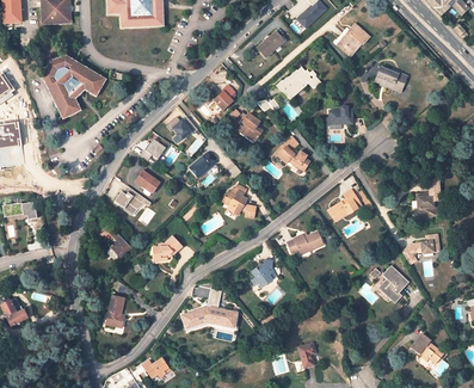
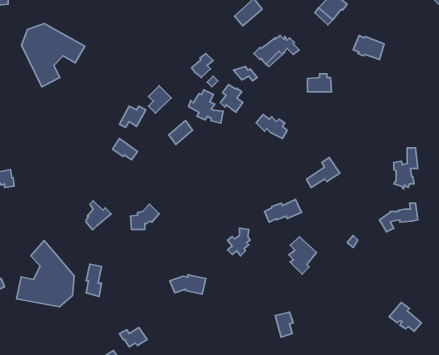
building: [113,184,150,215] -> none
building: [222,184,257,217] -> [188,90,223,123]
building: [381,265,408,302] -> [289,237,316,274]
building: none -> [16,240,74,307]

